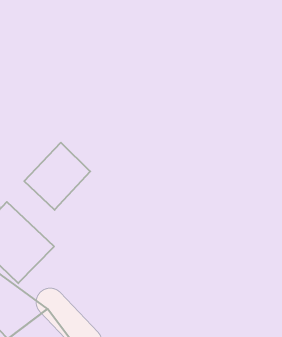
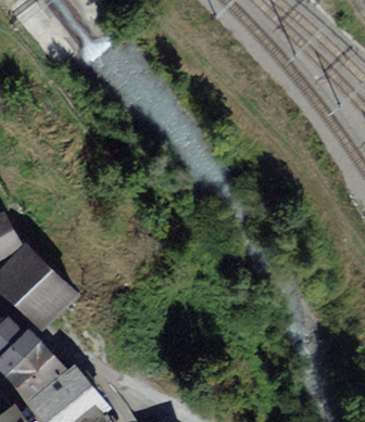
building: [24,143,90,210] -> none

